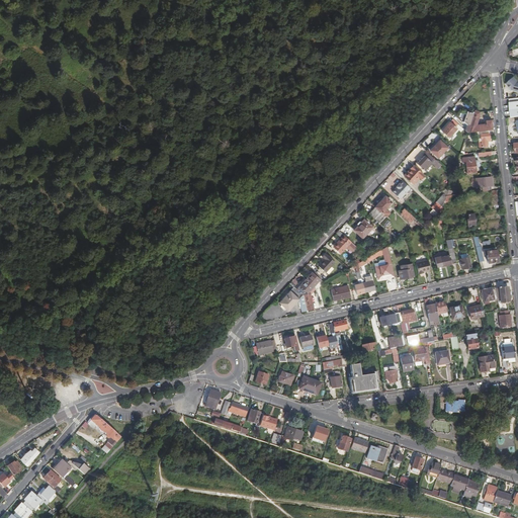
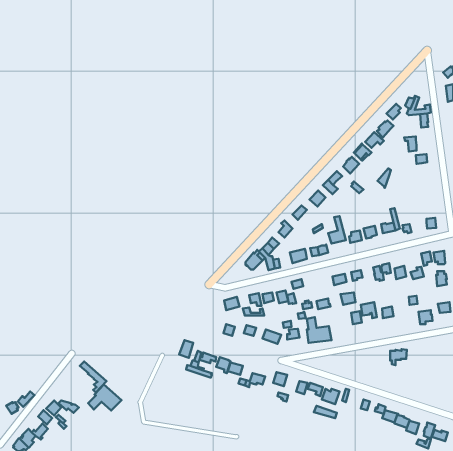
building: none -> [88,384,122,411]

